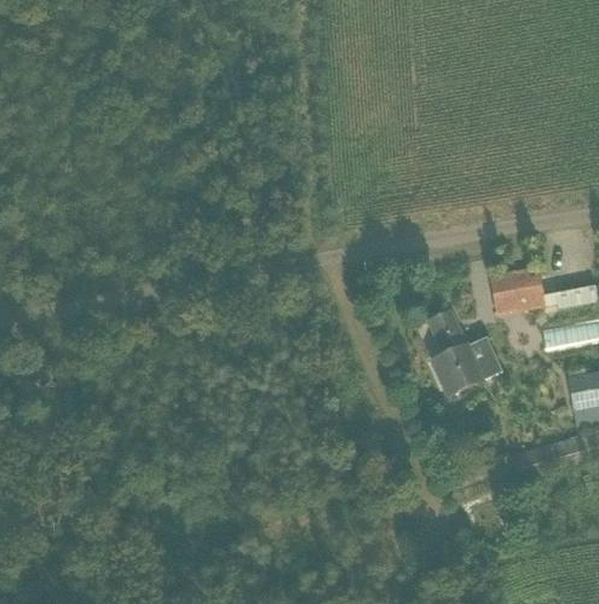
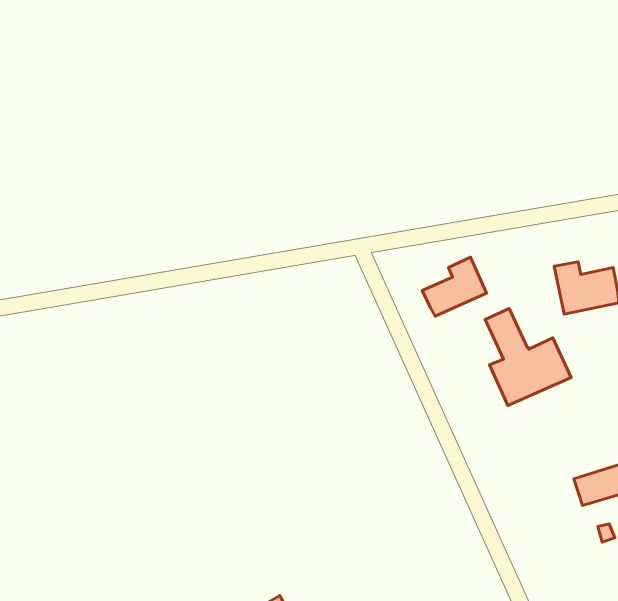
building: none -> [422,257,487,316]

